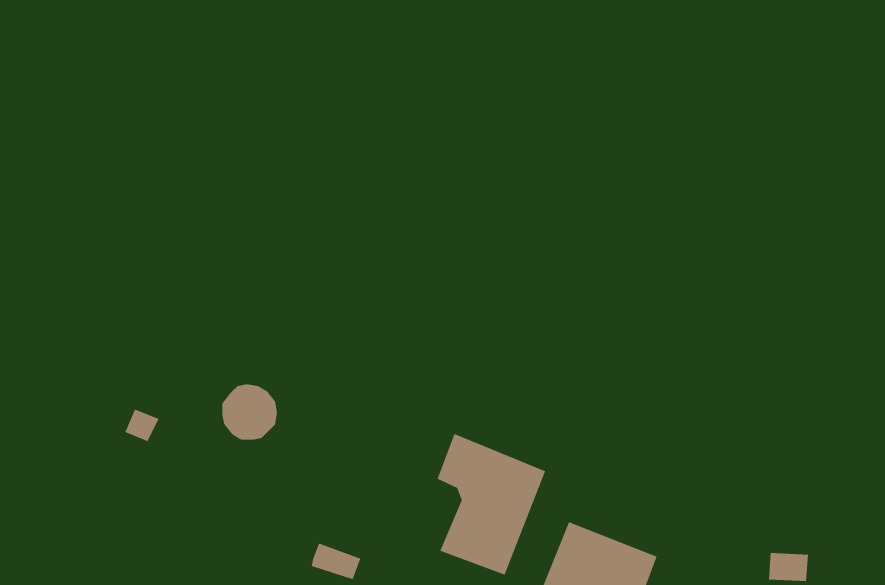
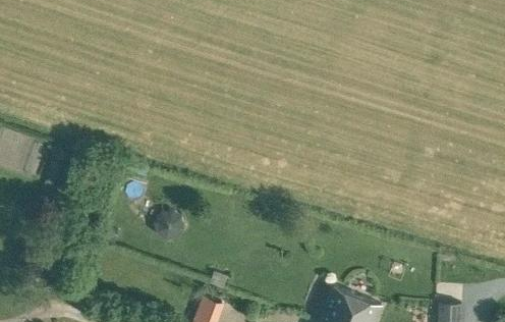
building: [437,433,546,576] -> none

